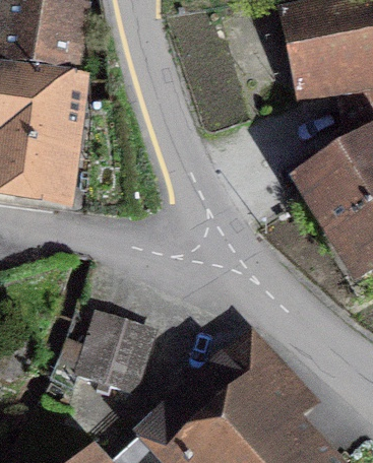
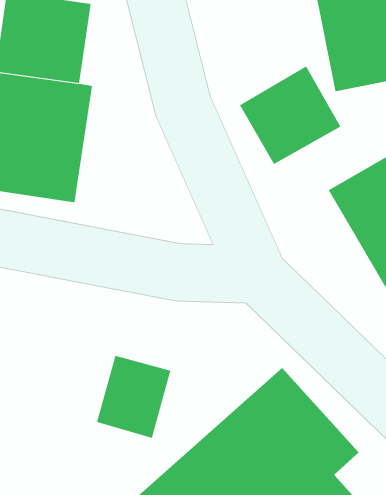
building: none -> [239,66,341,165]

